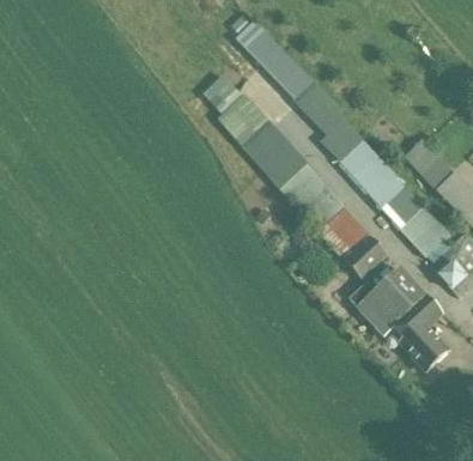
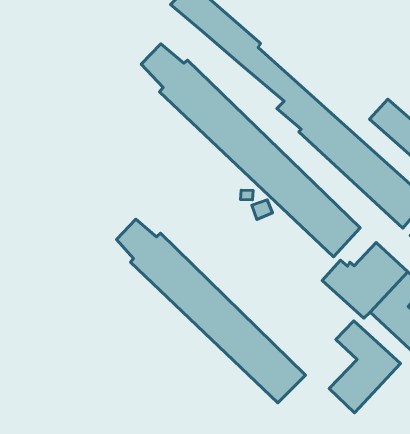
building: none -> [116,219,305,403]
building: none -> [329,321,400,413]

